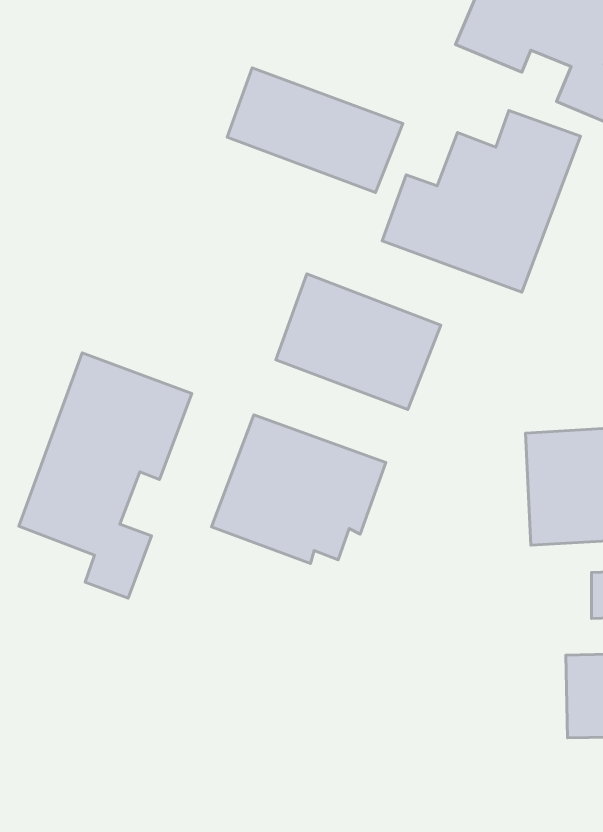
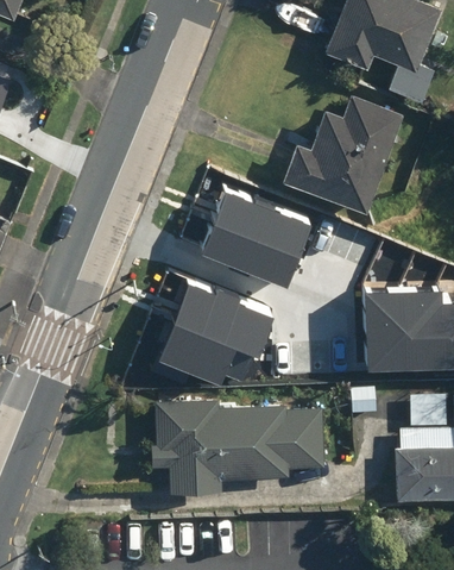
building: [227,68,403,193] -> none
building: [19,353,192,598] -> none
building: none -> [155,399,323,490]

